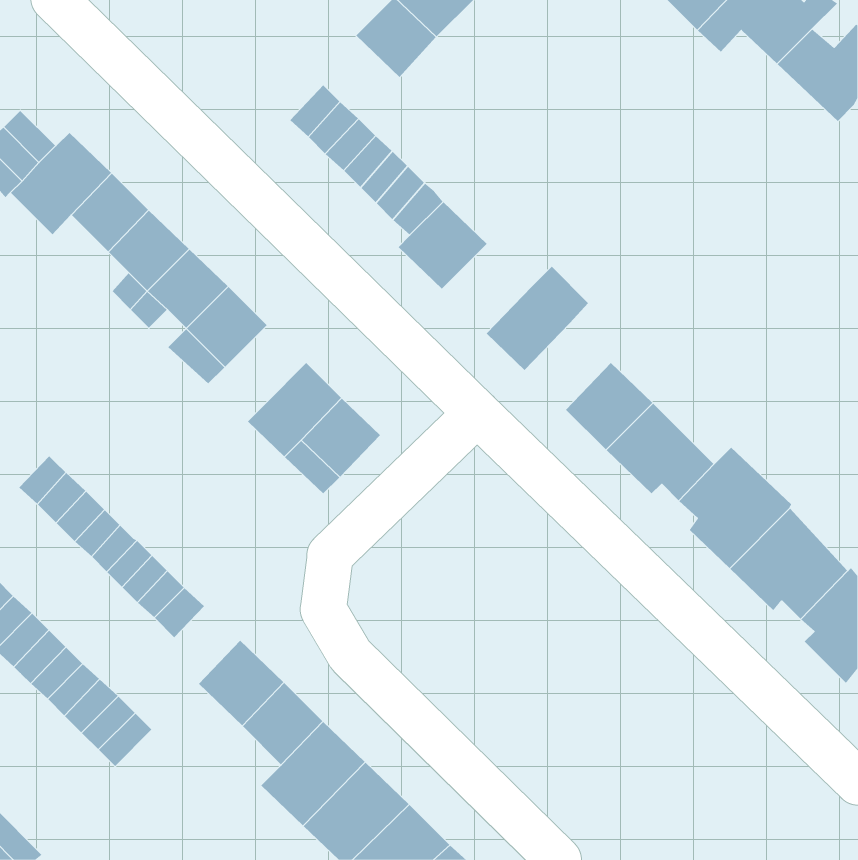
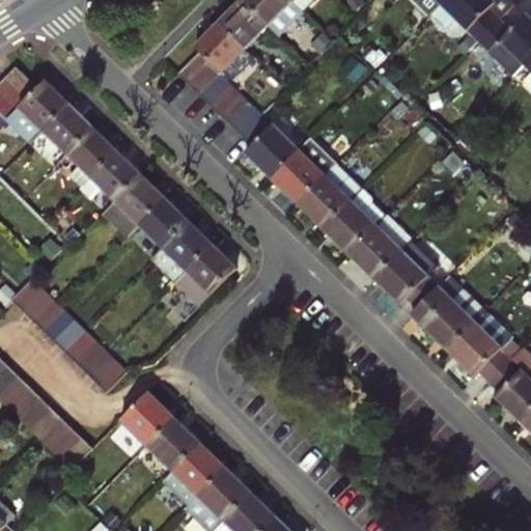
building: none -> [195,22,256,83]
building: none -> [271,136,338,204]
building: none -> [322,186,384,251]
building: none -> [138,199,188,248]

